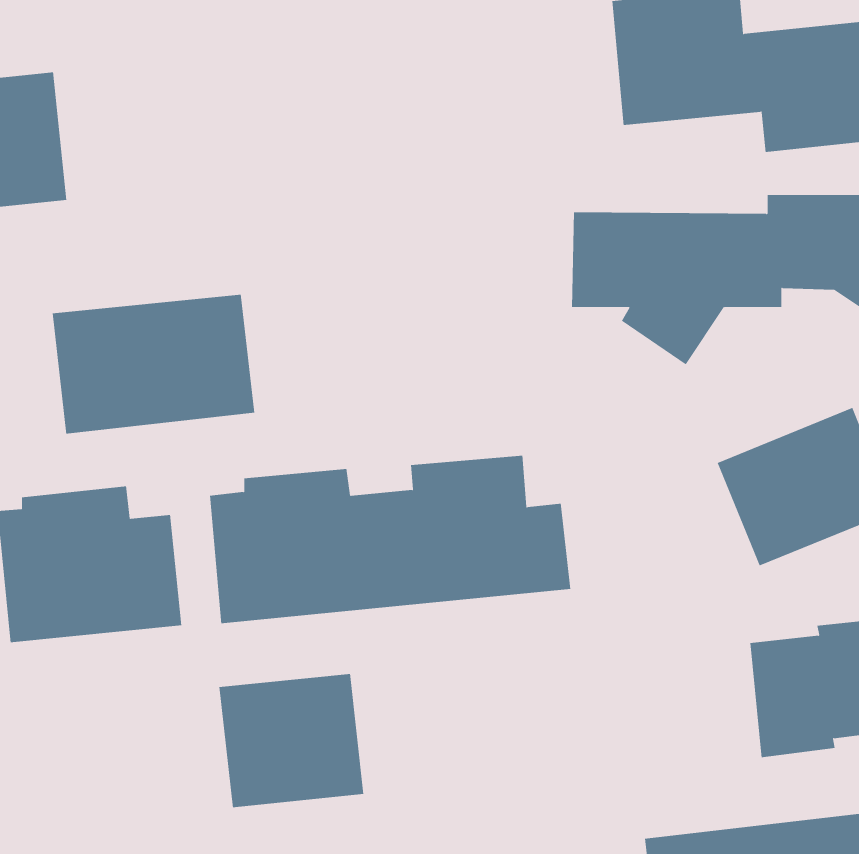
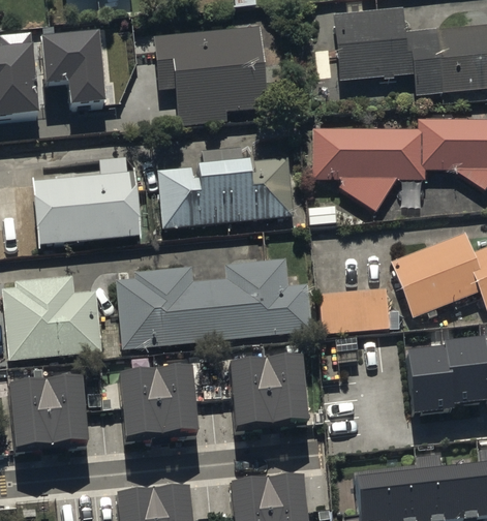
building: none -> [153,25,269,124]
building: none -> [42,39,106,113]
building: none -> [157,157,294,226]
building: none -> [319,286,390,332]
building: none -> [232,366,309,437]
building: none -> [11,386,90,458]

